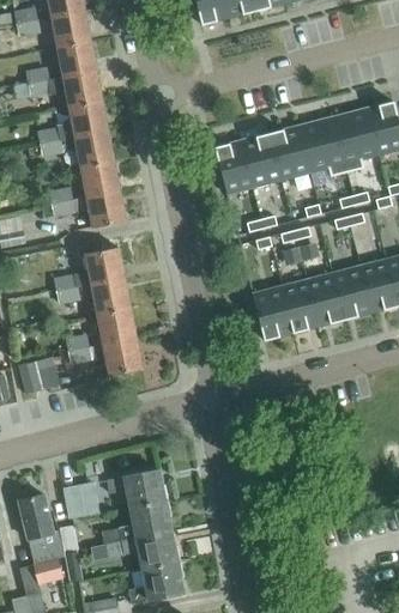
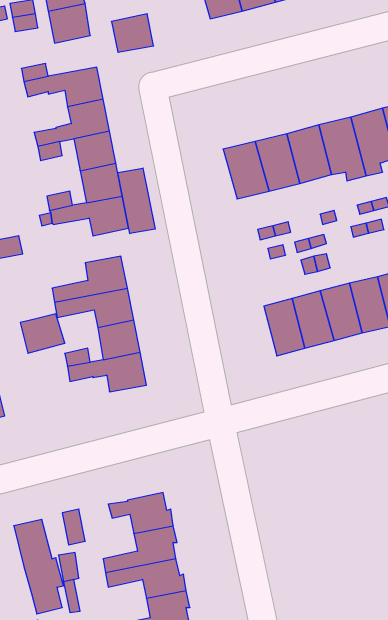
building: [56,40,96,75] -> [111,14,154,52]
building: none -> [118,168,155,234]
building: [18,356,60,393] -> [20,314,65,353]

